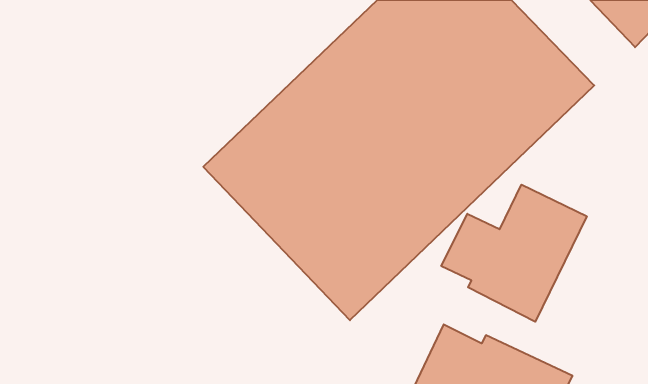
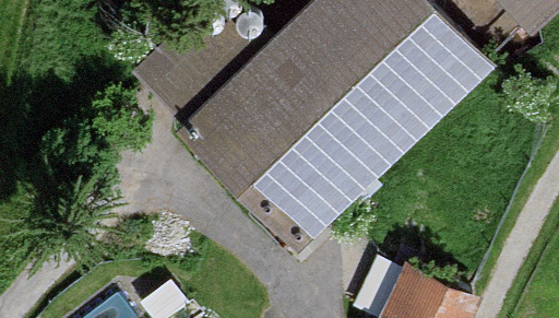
building: [441,185,587,322] -> none

